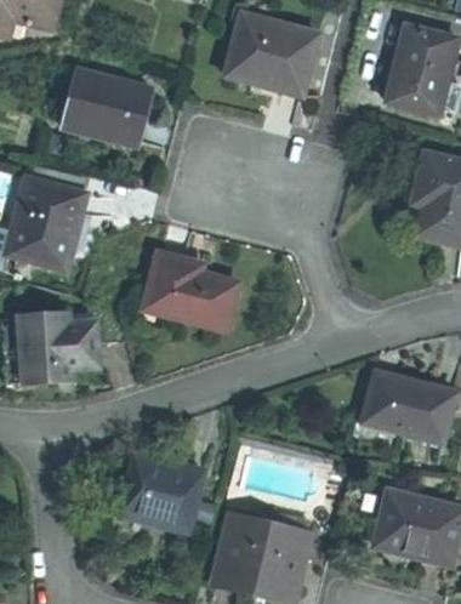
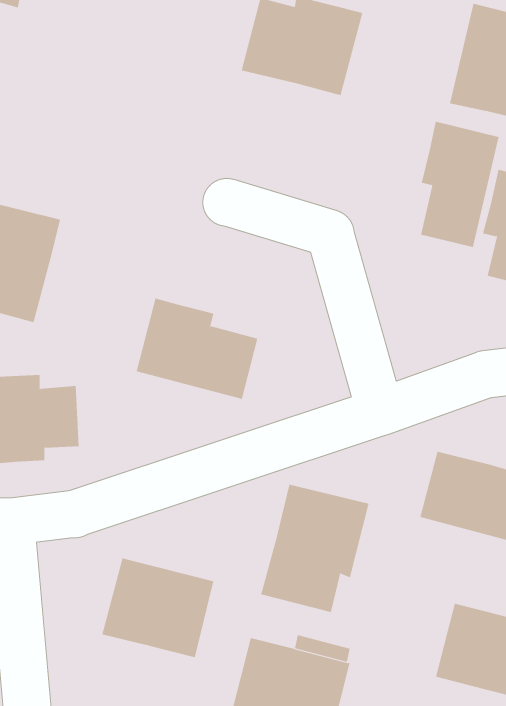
building: [59,68,152,147] -> none
building: none -> [420,121,499,248]
building: none -> [260,484,369,613]

